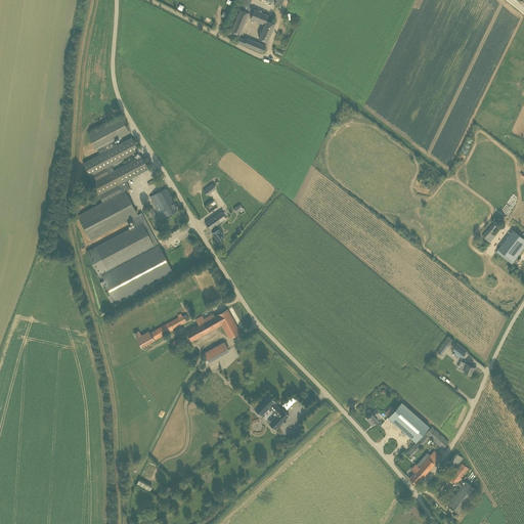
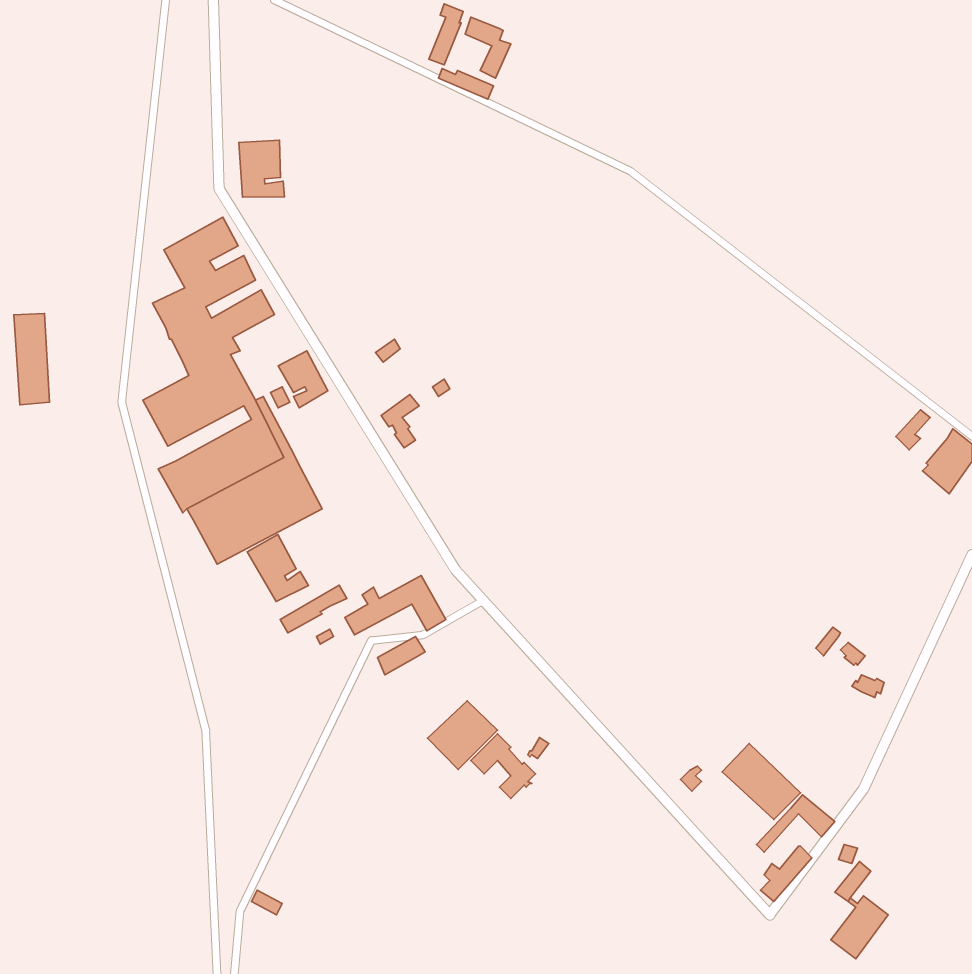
building: none -> [239,140,284,197]
building: none -> [14,314,49,405]
building: none -> [247,534,308,601]
building: none -> [427,701,497,770]

